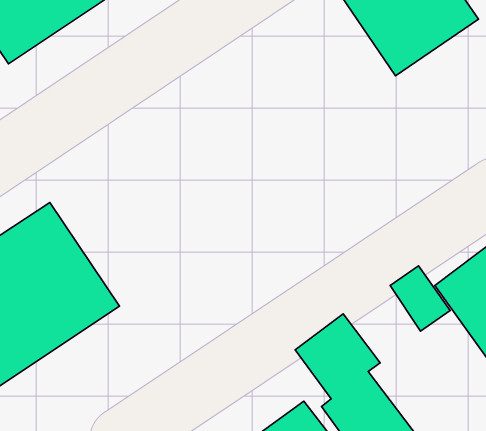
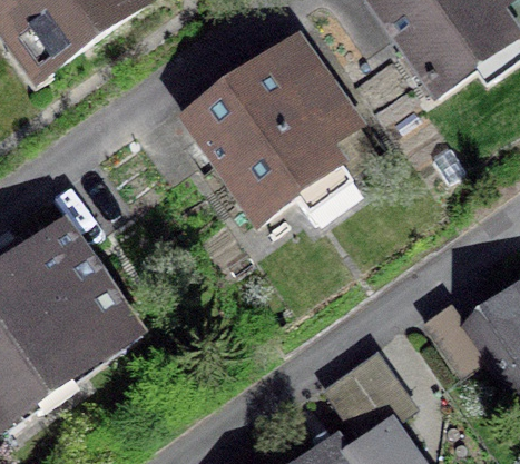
building: none -> [187,46,372,227]

